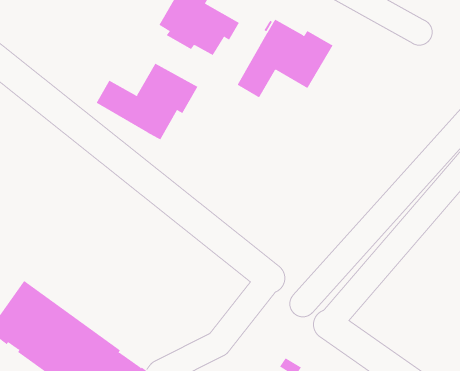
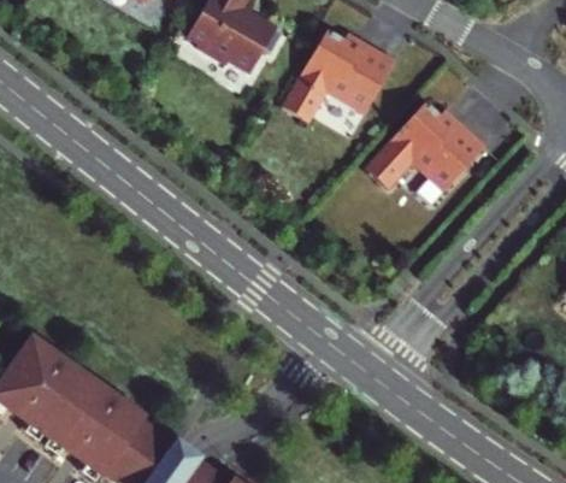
building: [96,63,198,140] -> none
building: none -> [358,110,478,198]

